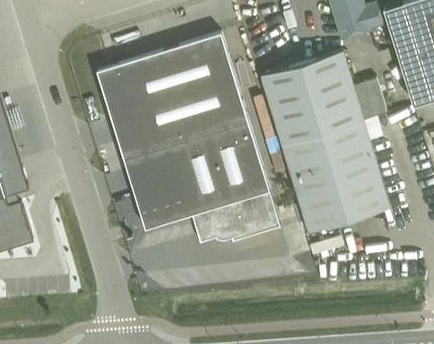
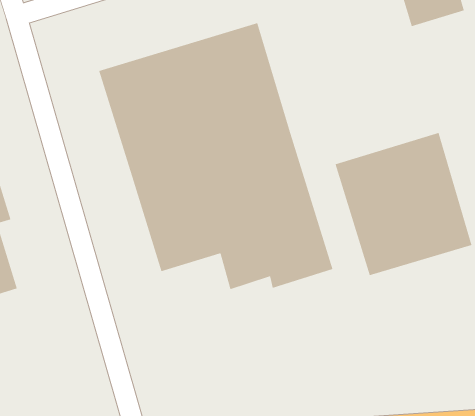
building: [261,52,386,145] -> none

